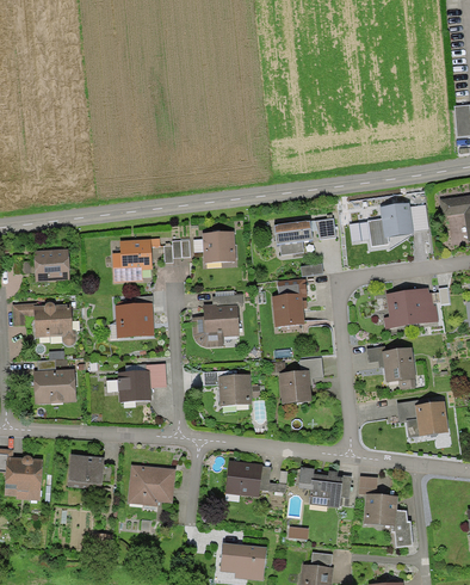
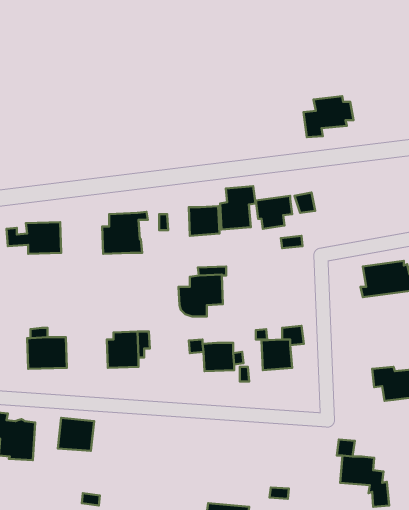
building: [367,203,420,246] -> [303,96,353,137]
building: [271,279,308,325] -> [220,186,256,230]
building: [116,295,154,335] -> none
building: [11,302,75,346] -> none
building: [365,346,415,388] -> none
building: [224,460,285,497] -> none
building: [126,464,174,505] -> none
building: [298,467,351,506] -> none

